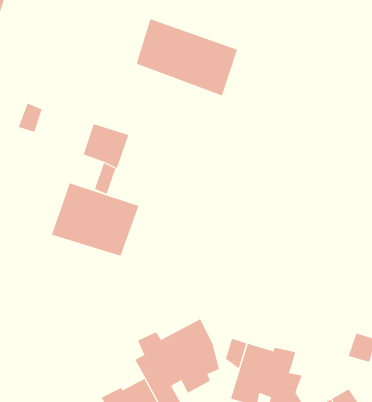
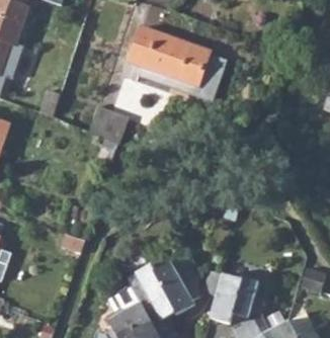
building: [51,182,139,256] -> none

